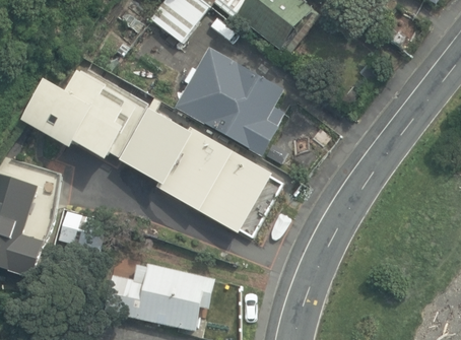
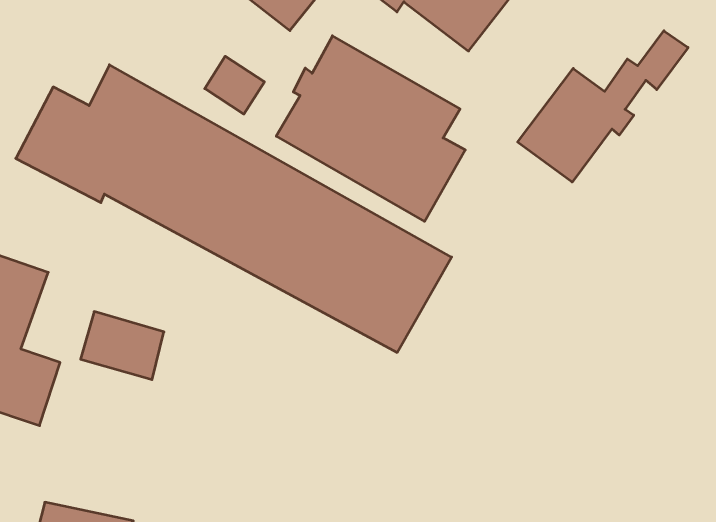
building: none -> [518,31,688,182]
building: [104,263,214,330] -> none

